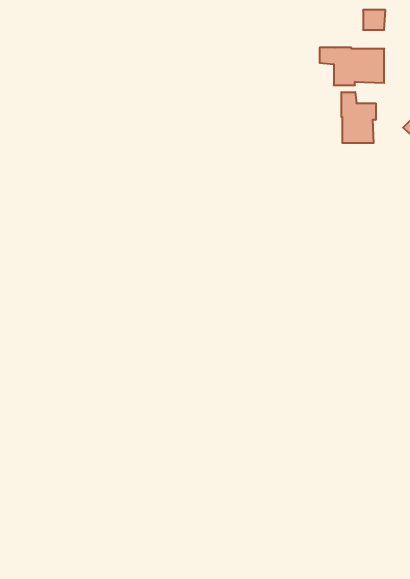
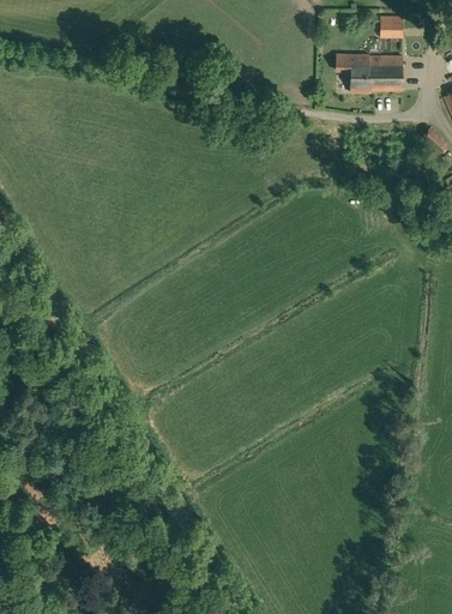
building: [341,92,376,143] -> none

